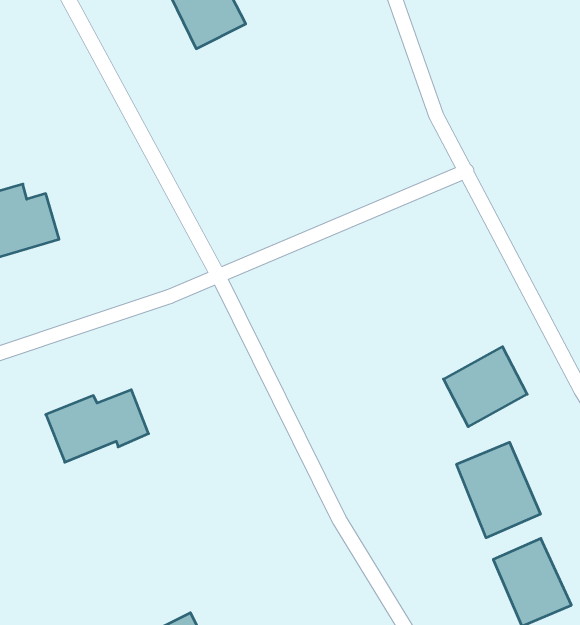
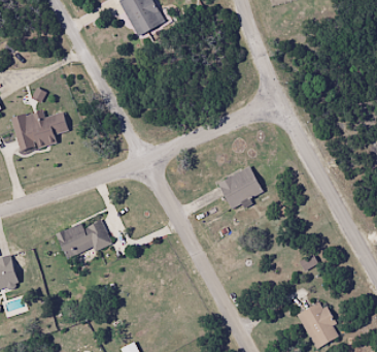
building: [443,347,527,427] -> [217,165,263,209]
building: [457,442,540,538] -> none

